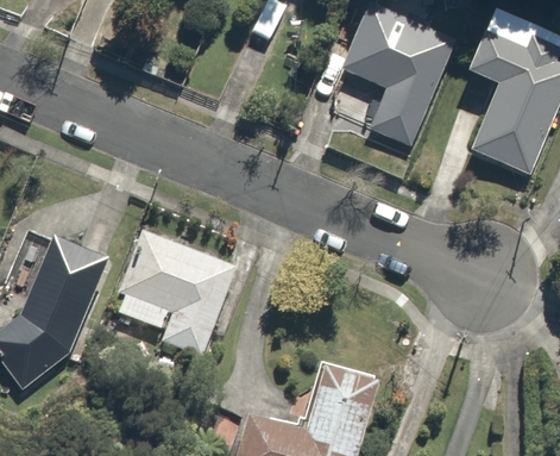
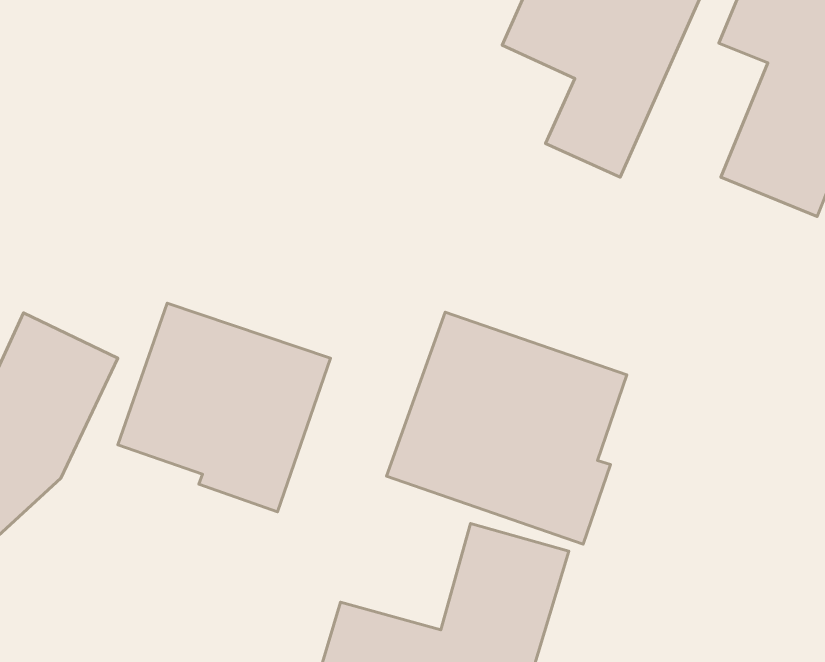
building: none -> [386,312,627,544]

